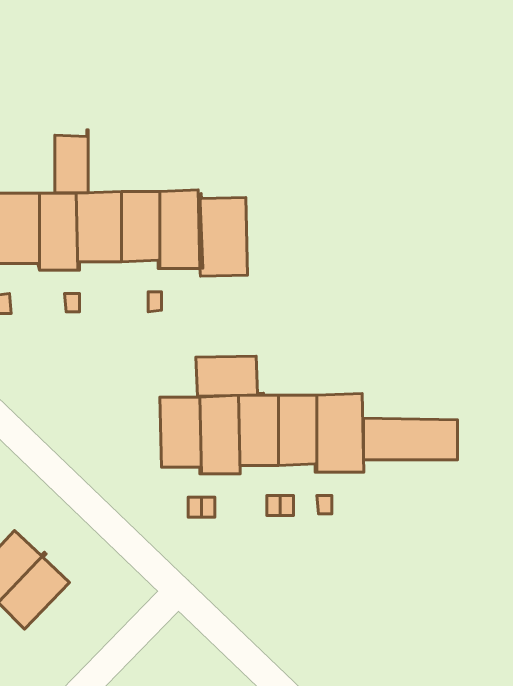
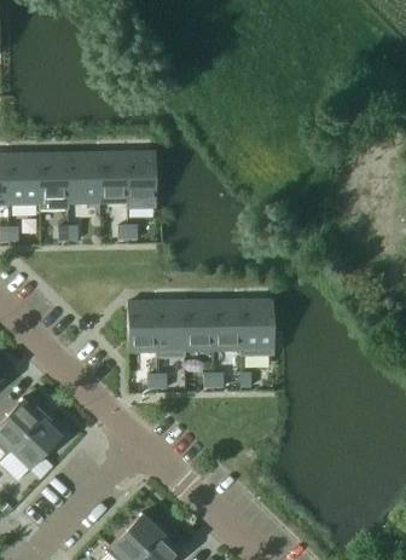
building: [55,130,88,193] -> none
building: [200,193,248,276] -> none
building: [196,356,263,396] -> none
building: [363,418,457,460] -> none

